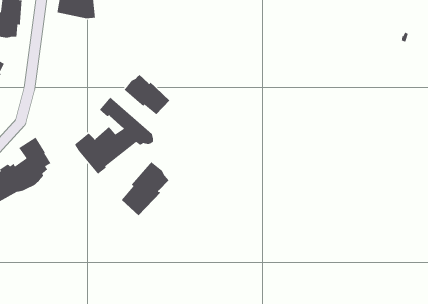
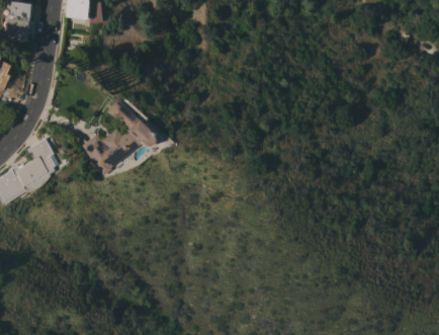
building: [124,74,170,115] -> none
building: [121,161,169,216] -> none

